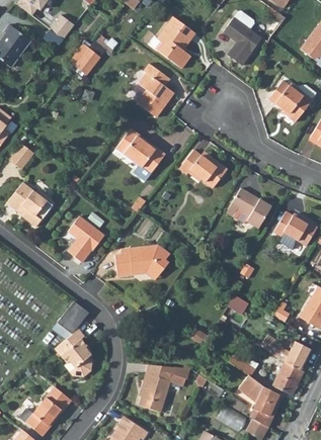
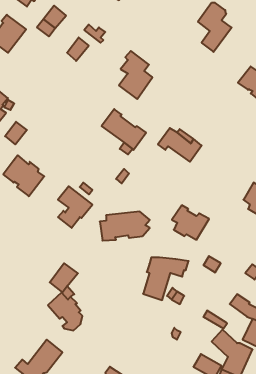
building: [156,17,194,69] -> none
building: [230,189,271,228] -> [172,205,209,240]
building: [139,365,189,413] -> [143,257,189,300]

